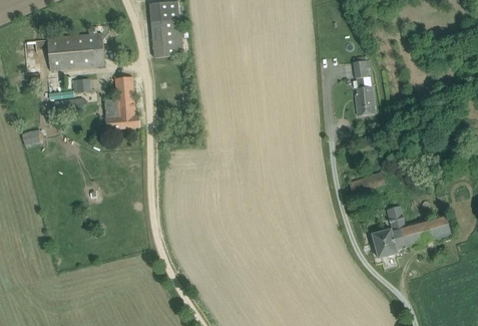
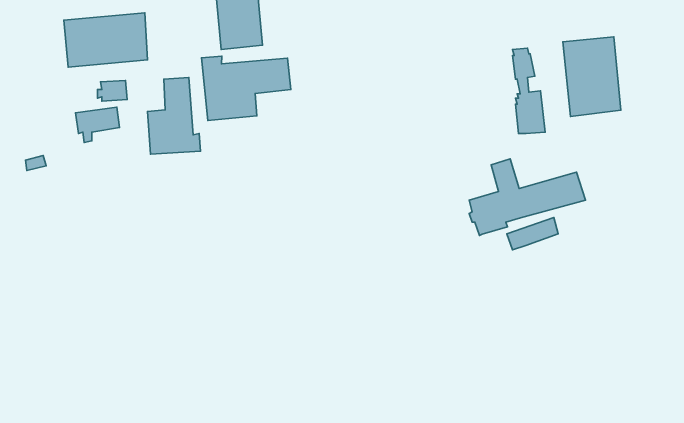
building: none -> [563,37,621,117]
building: none -> [201,56,291,120]
building: [372,206,451,258] -> [469,159,585,236]

